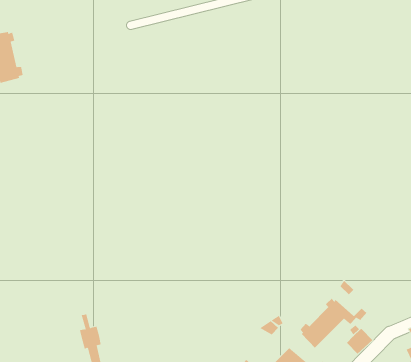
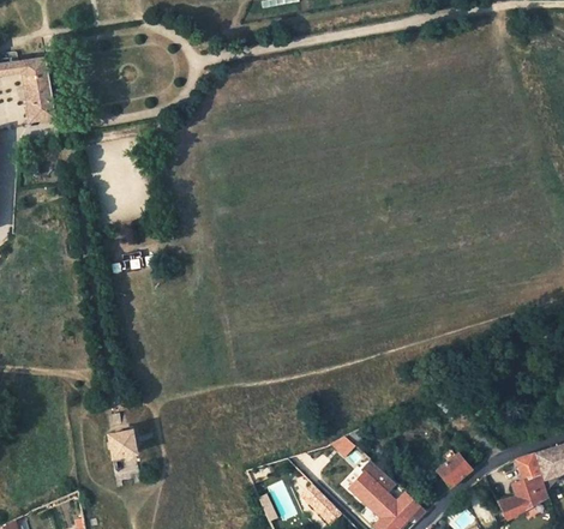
building: [300,298,367,348] -> none

